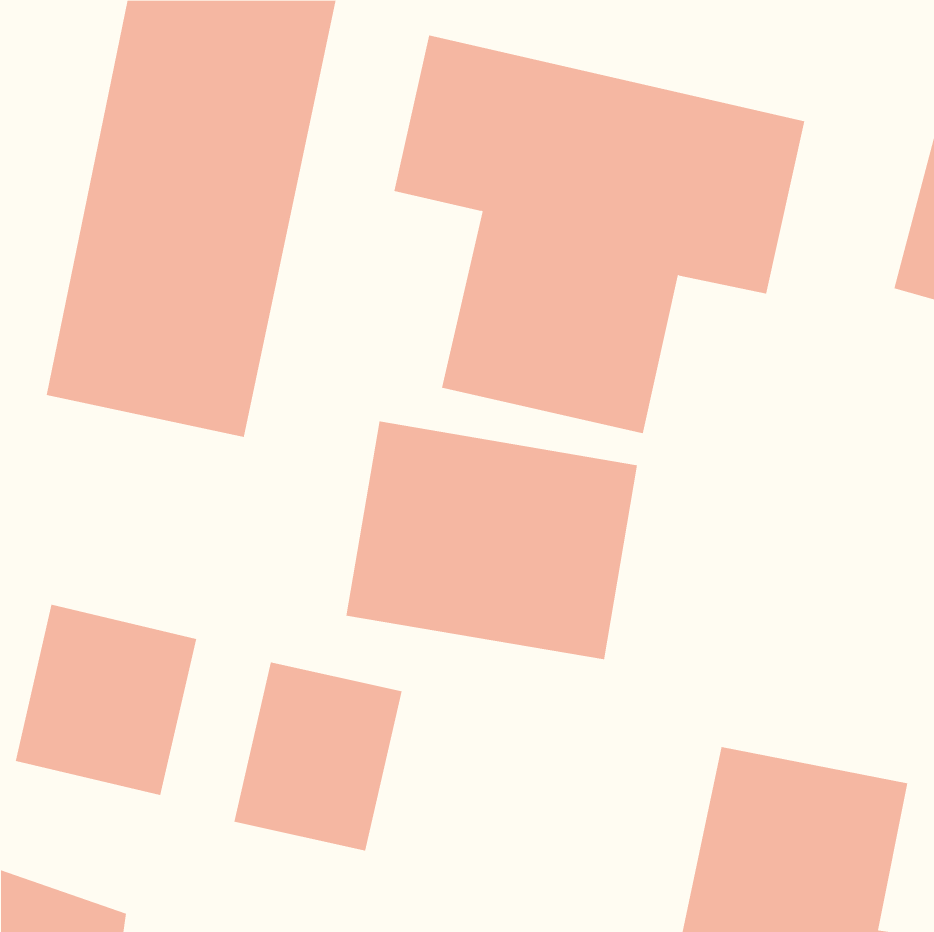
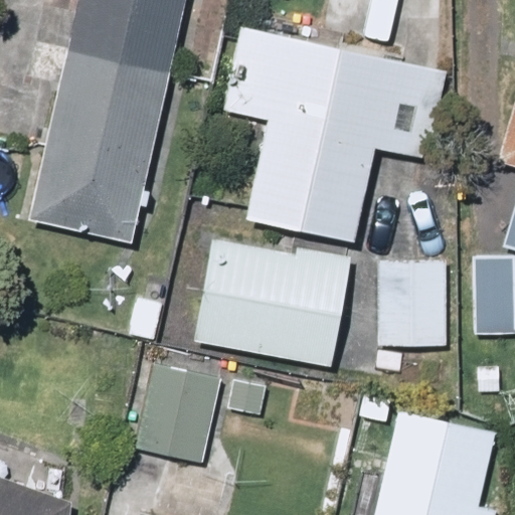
building: none -> [373,259,449,349]
building: [15,604,197,796] -> none

